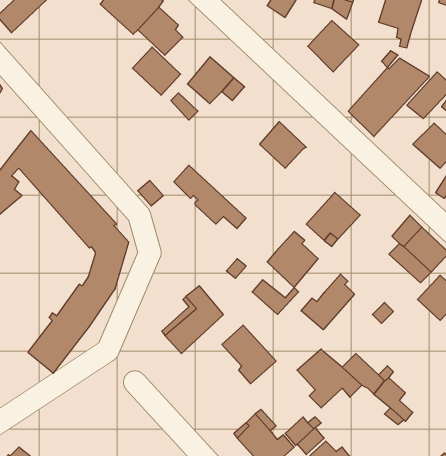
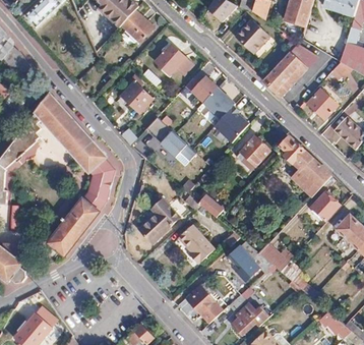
building: [132,47,181,95] -> [120,80,153,113]
building: none -> [185,69,217,108]
building: none -> [279,134,305,164]
building: [267,232,318,287] -> [215,105,249,142]
building: [301,274,354,330] -> none

